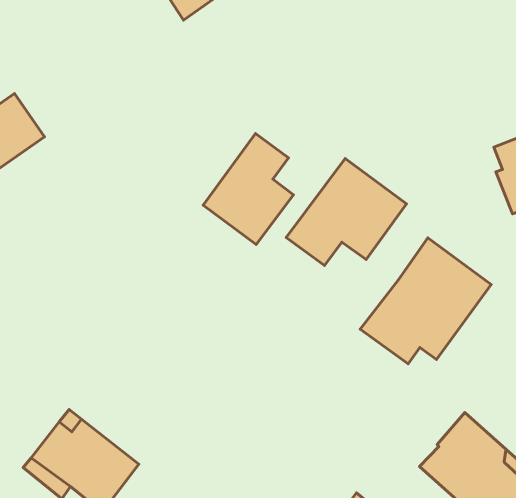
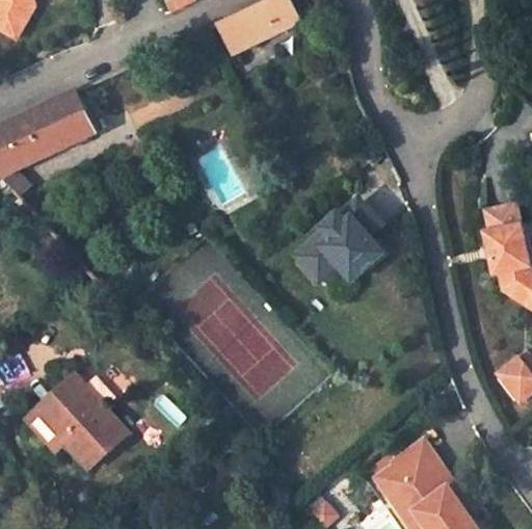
building: [203,133,293,244] -> none
building: [360,238,491,364] -> none

